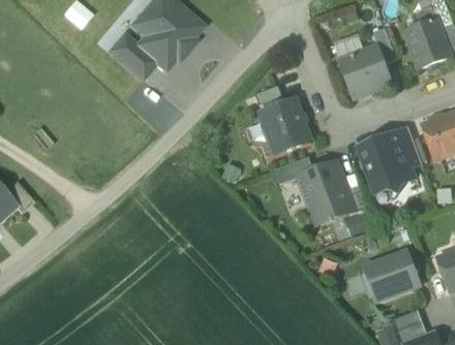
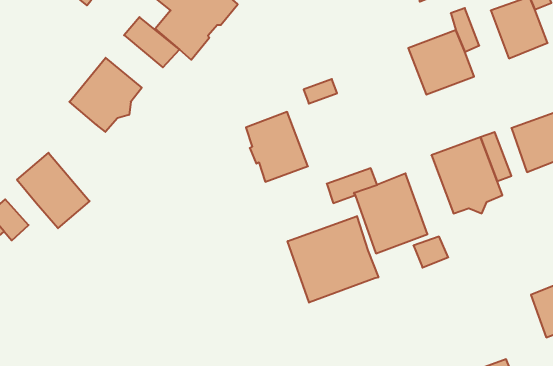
building: none -> [69,58,142,132]
building: [261,98,310,154] -> [246,112,308,182]
building: none -> [17,153,90,228]
building: none -> [288,216,378,303]
building: [364,251,418,300] -> none

